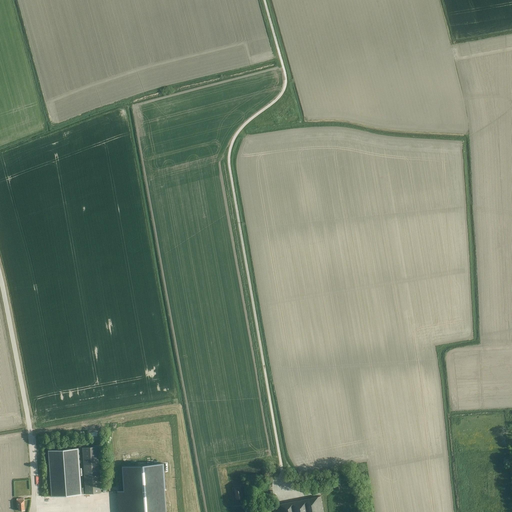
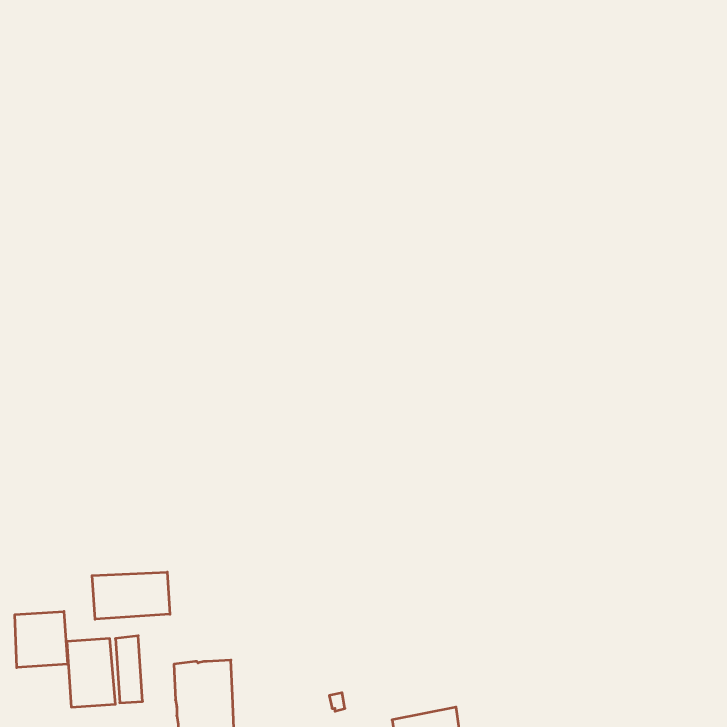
building: none -> [92,572,170,619]
building: none -> [15,611,67,668]

